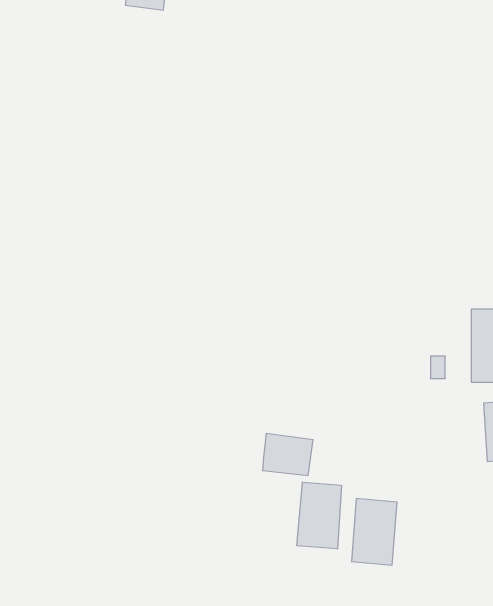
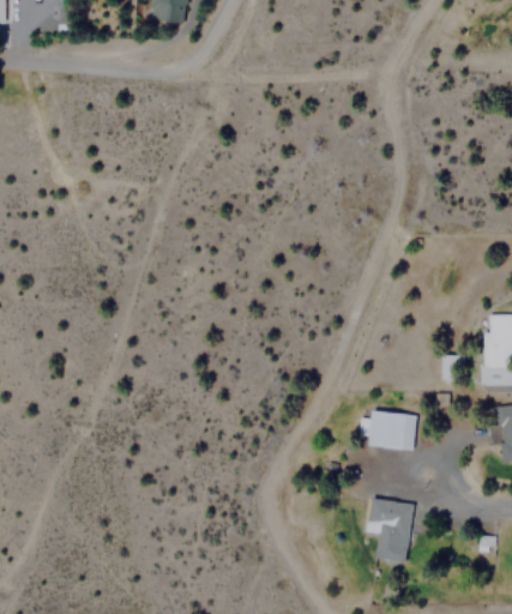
building: [262,434,313,476] -> [368,408,417,449]
building: [297,482,341,549] -> none

